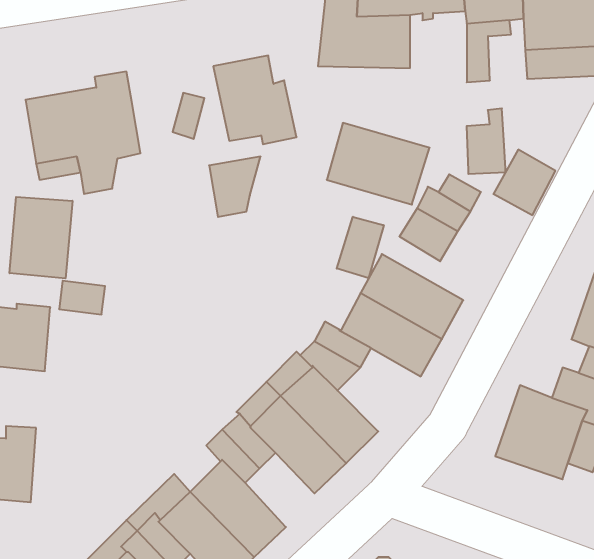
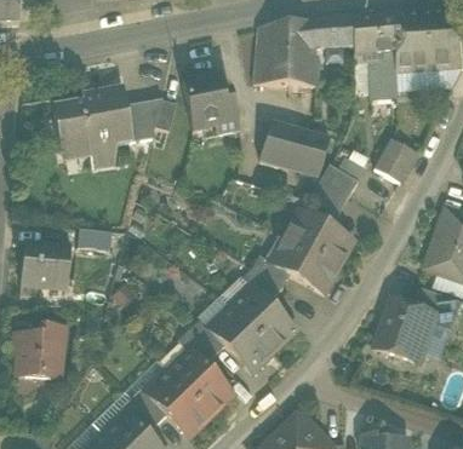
building: [467,108,506,174] -> [370,48,396,93]
building: [209,157,261,217] -> [126,99,161,140]
building: [10,197,72,278] -> none
building: [337,217,384,278] -> none

